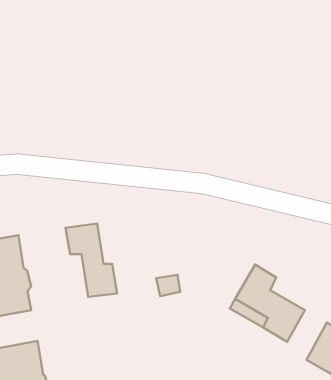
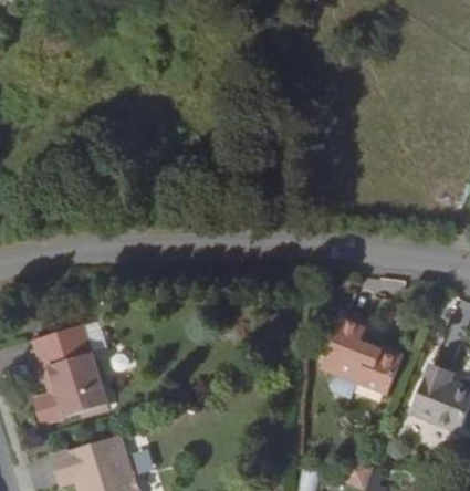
building: [66,224,117,297] -> none

